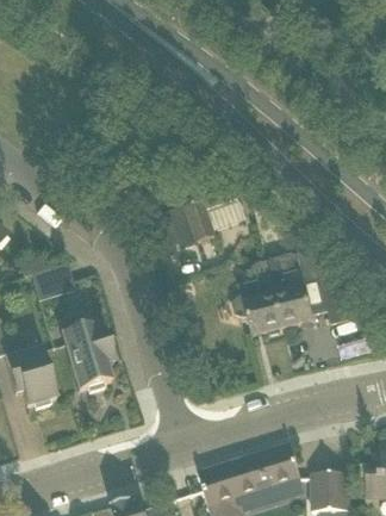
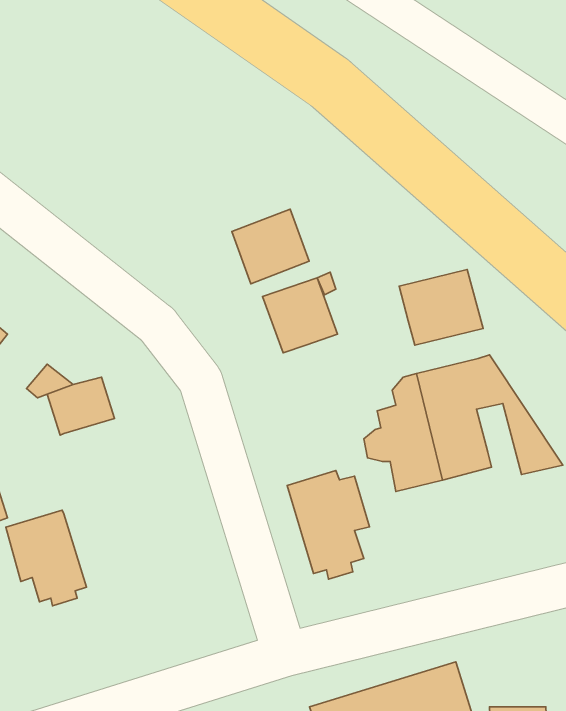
building: none -> [232,209,309,284]
building: none -> [399,270,483,345]
building: [63,323,116,392] -> [287,471,370,579]

